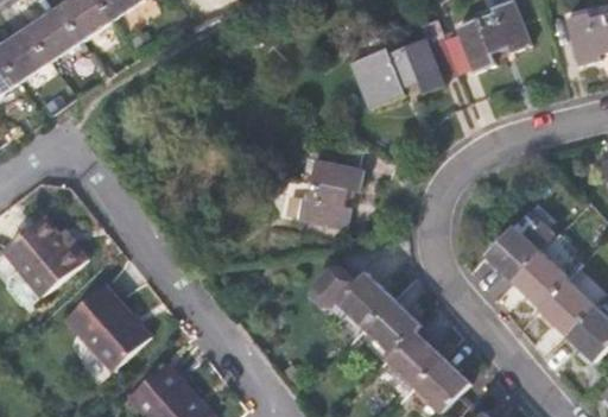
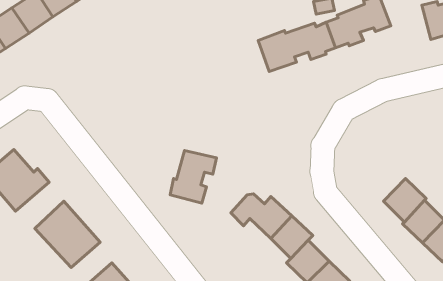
building: [305,160,366,229] -> [170,150,216,203]
building: [488,209,559,280] -> none

